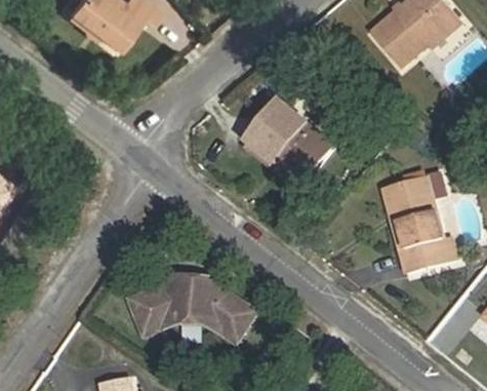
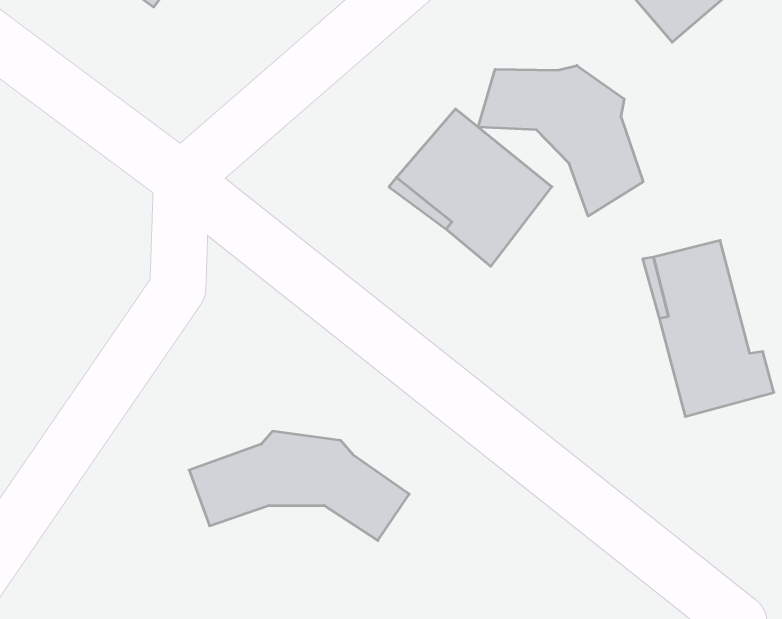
building: none -> [478,65,643,216]
building: [130,284,260,348] -> none

